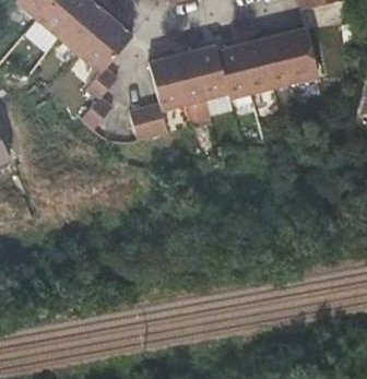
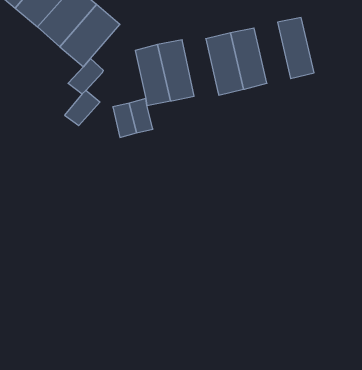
building: [261,33,295,90] -> none
building: [194,44,227,102] -> none

